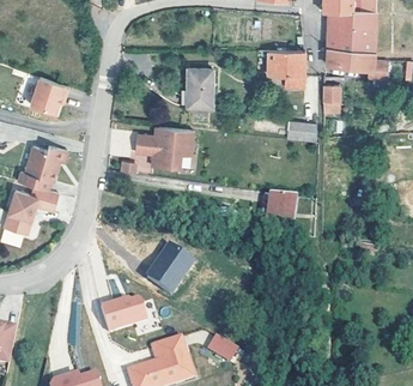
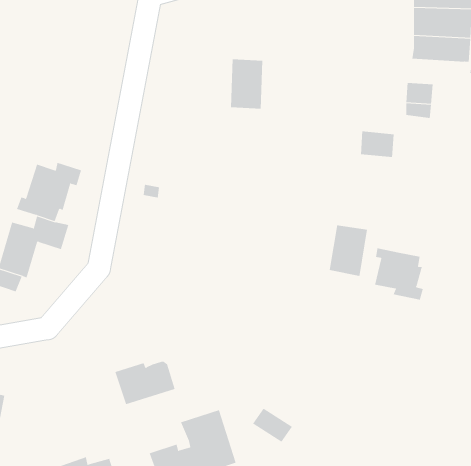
building: [265,50,306,88] -> none
building: [37,77,74,114] -> none
building: [136,126,195,168] -> none
building: none -> [374,247,423,300]
building: [145,237,198,292] -> none

